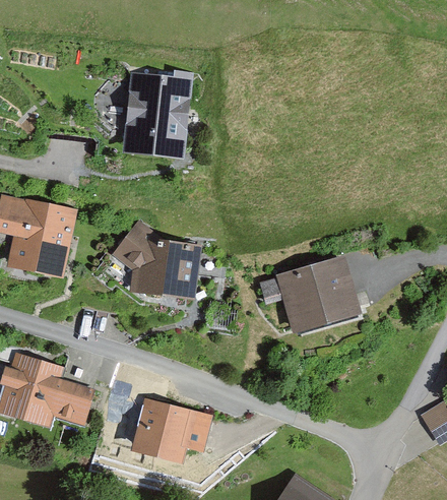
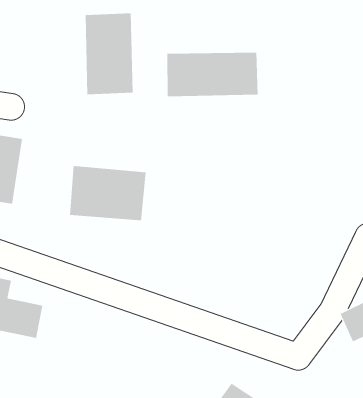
building: none -> [167,52,258,97]
building: [280,255,374,338] -> none
building: [132,397,205,455] -> none

